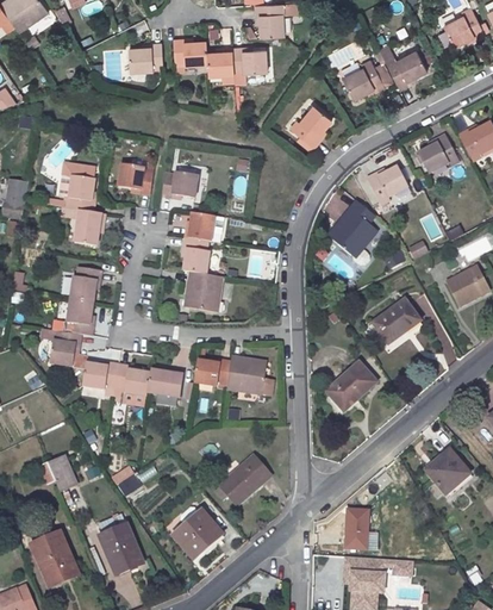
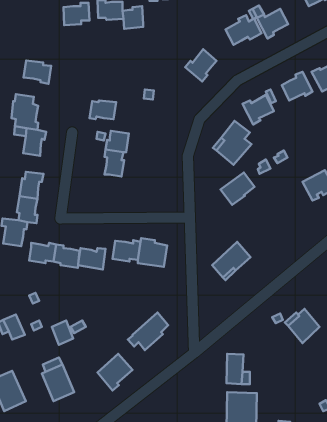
building: [233,48,268,75] -> none
building: [118,164,155,195] -> [23,61,51,84]
building: [187,272,223,312] -> none
building: [374,300,419,343] -> [221,173,255,205]

